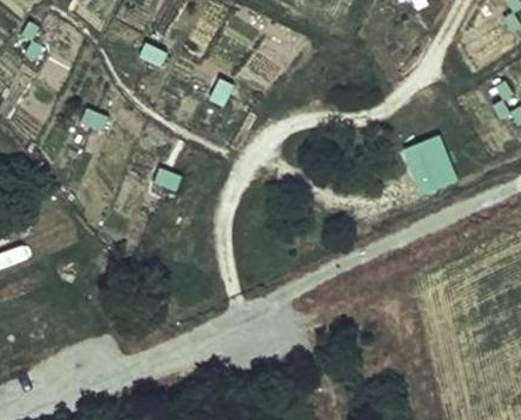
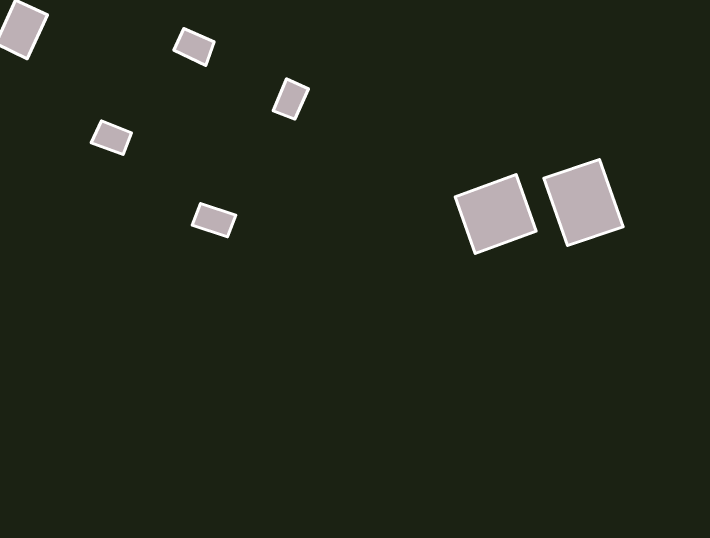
building: none -> [455,175,536,253]

